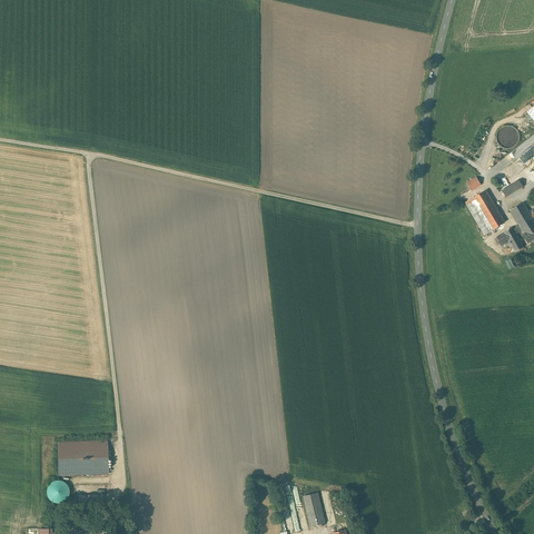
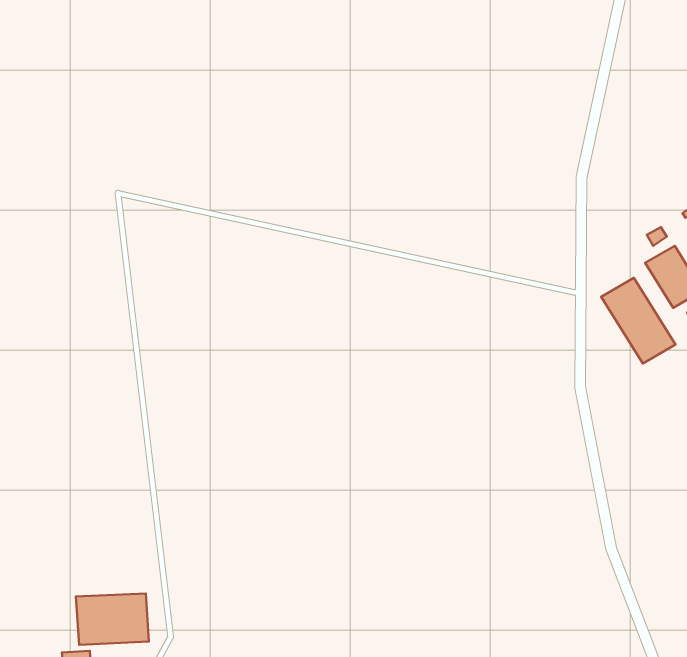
building: none -> [601,278,675,364]

